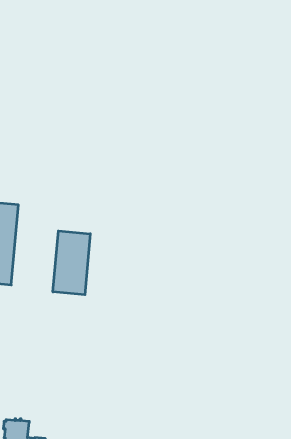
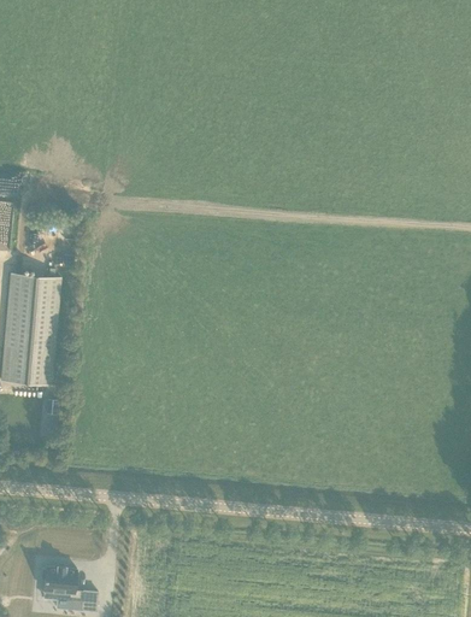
building: [53,231,90,295] -> none

